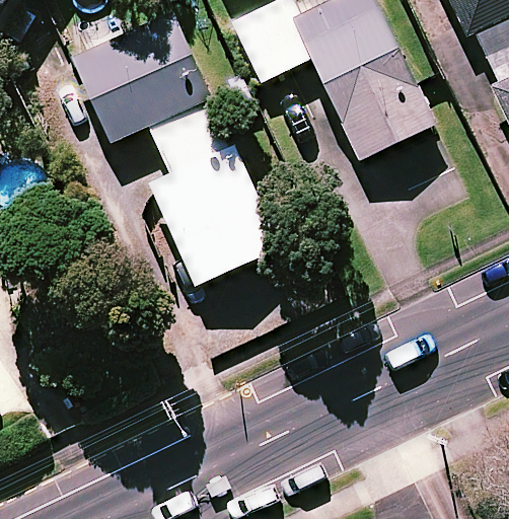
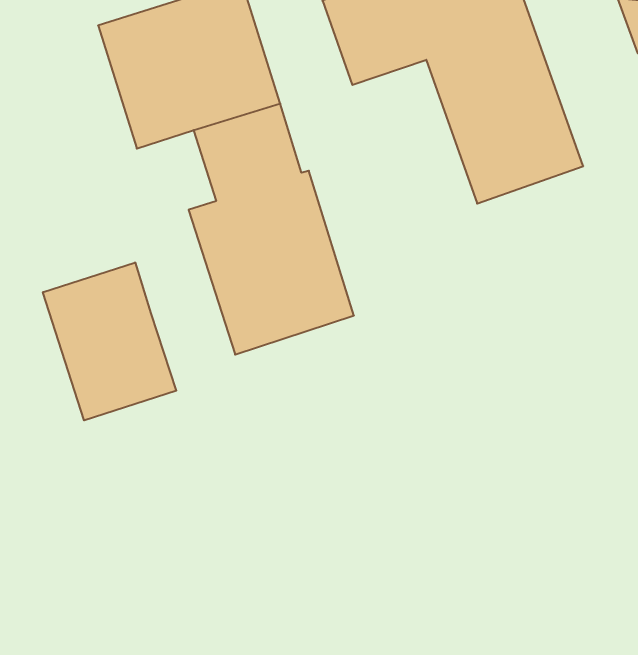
building: none -> [43,262,176,420]

